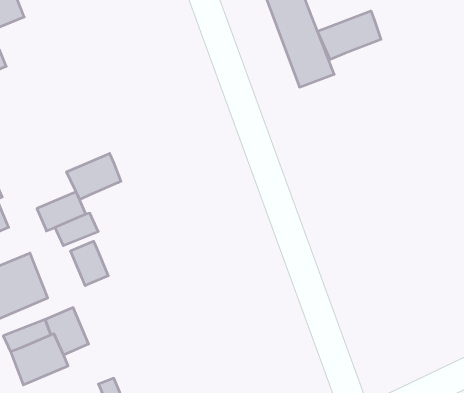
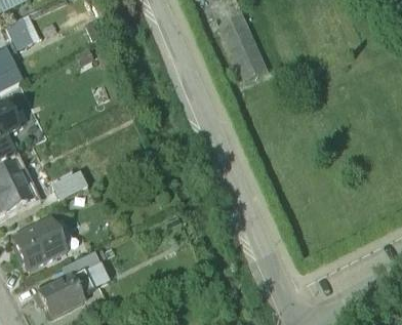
building: [318,11,381,60] -> none
building: [67,153,121,200] -> none
building: [71,241,108,286] -> none

